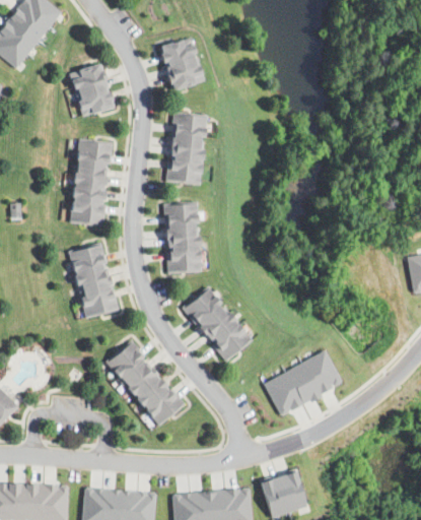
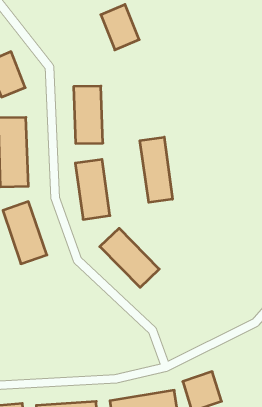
building: [159,37,202,89] -> [101,4,139,50]
building: none -> [140,137,172,202]
building: [107,342,183,426] -> none
building: [264,349,343,414] -> none

